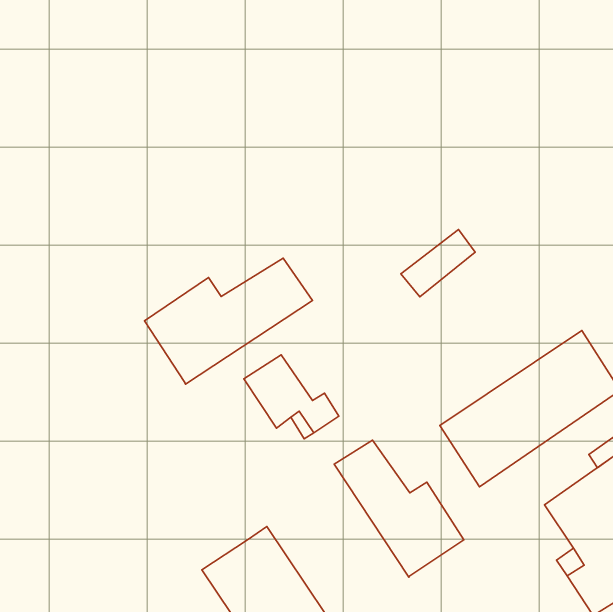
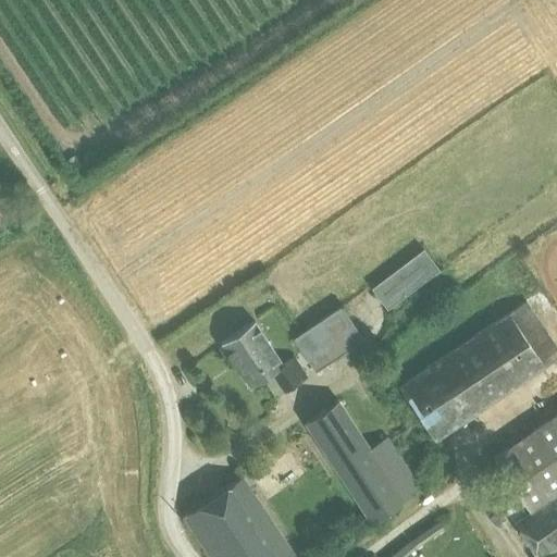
building: [401,229,475,297] -> [372,250,440,311]
building: [144,258,312,384] -> none
building: none -> [294,308,364,373]

